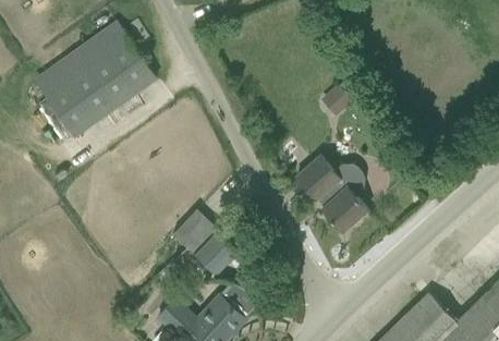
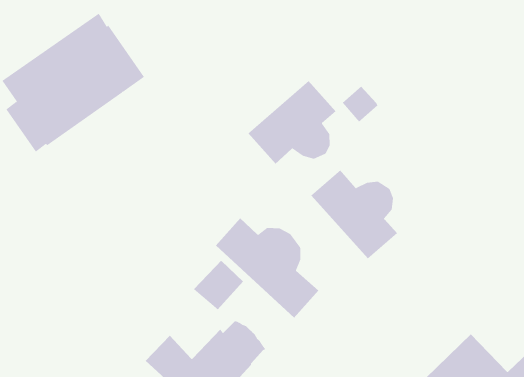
building: none -> [248,80,337,164]
building: none -> [215,217,319,318]
building: [174,207,216,248] -> none

